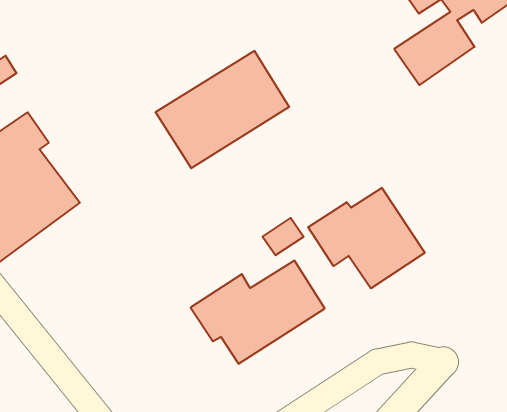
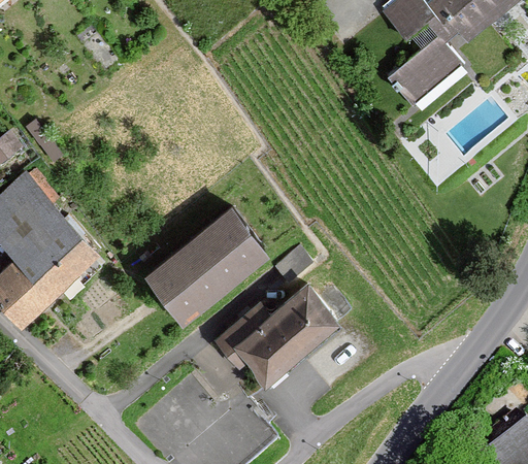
building: [155,51,289,168] -> [143,209,270,328]
building: [308,188,425,288] -> none

